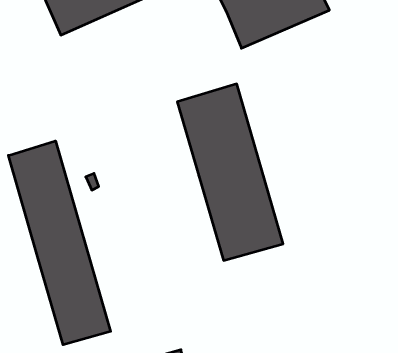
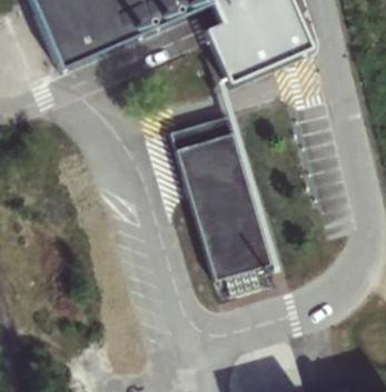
building: [8,141,111,345] -> none

